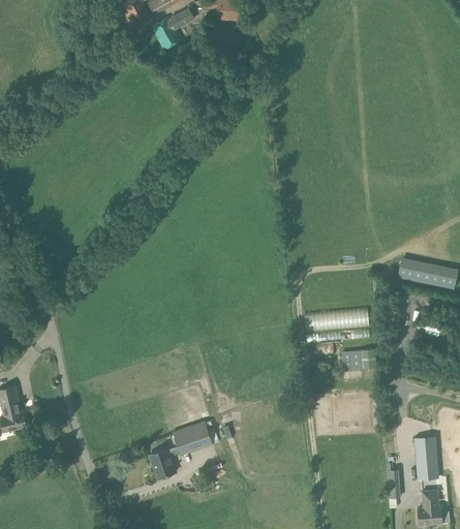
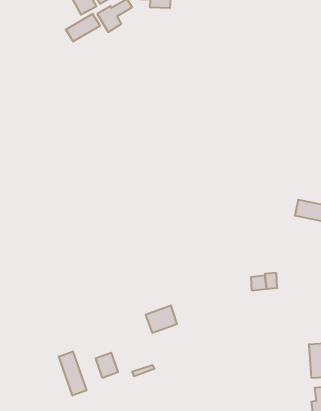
building: none -> [66,14,100,42]
building: [173,421,212,455] -> [146,306,177,333]
building: none -> [59,351,86,396]

